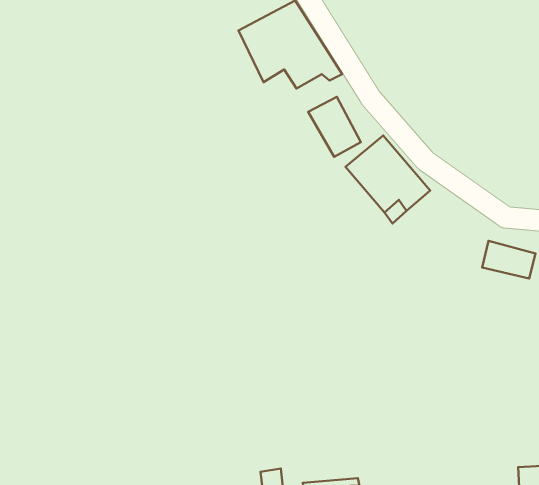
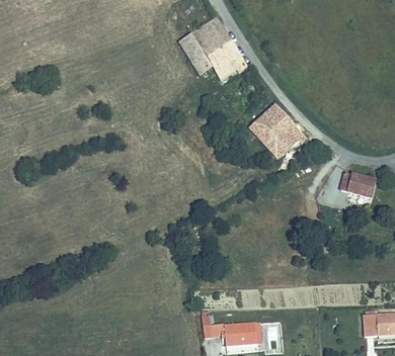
building: [308,97,361,157] -> none

